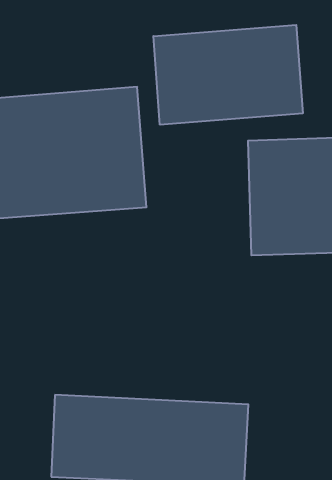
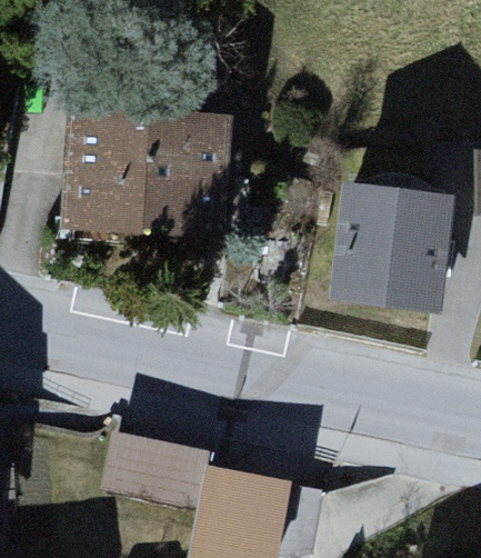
building: [153,25,303,125] -> none

